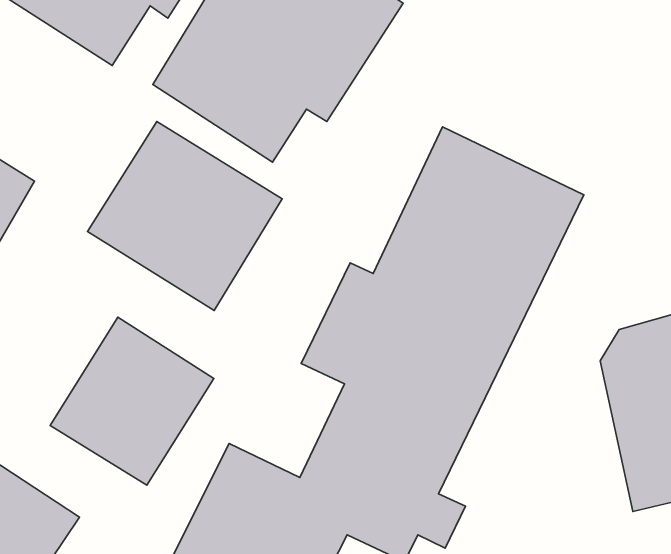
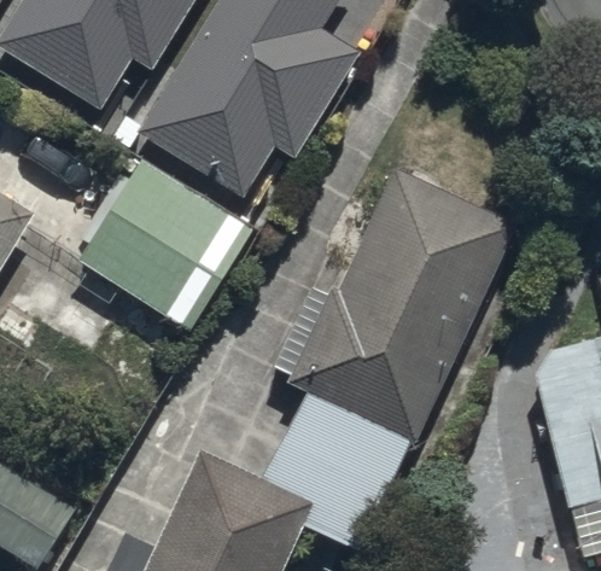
building: [50,317,214,485] -> none

